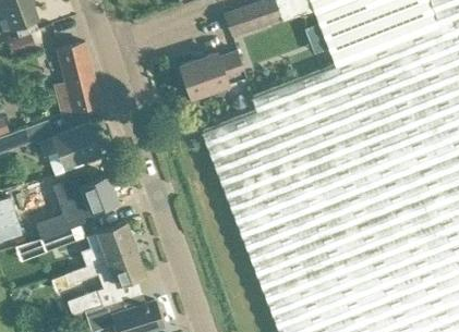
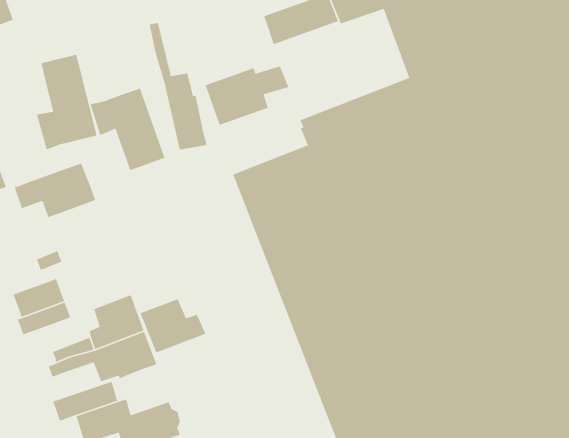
building: none -> [149,22,208,151]
building: none -> [89,87,165,171]
building: [80,175,118,212] -> none
building: none -> [140,298,206,354]

